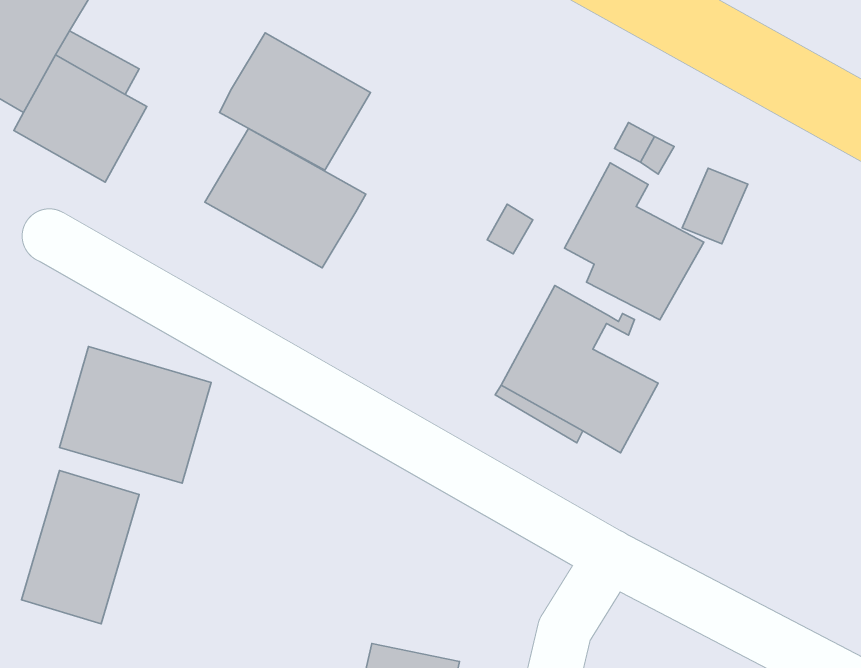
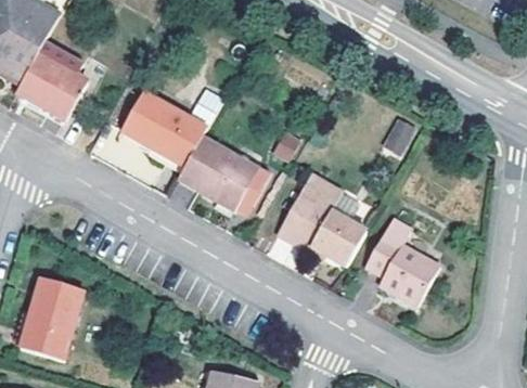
building: [219,33,371,170] -> [178,135,260,210]
building: [564,163,704,320] -> [365,220,441,306]
building: [60,347,211,483] -> none

